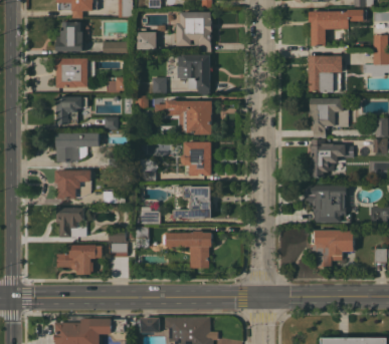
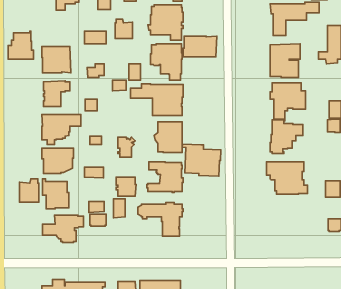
building: [56,20,84,51] -> [8,31,33,59]
building: none -> [183,36,217,57]
building: none -> [182,144,221,176]
building: none -> [20,179,39,202]
building: [311,230,353,267] -> none

